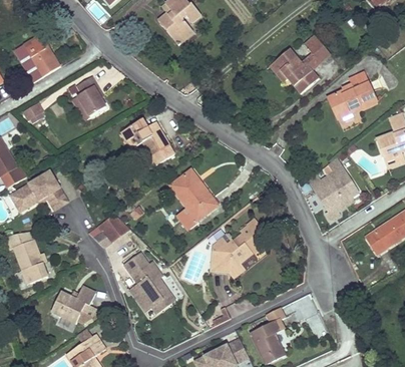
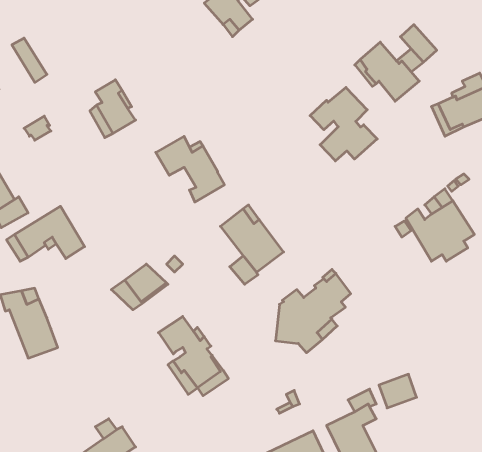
building: [23,36,60,82] -> none
building: none -> [310,87,377,161]
building: [50,286,96,323] -> none

